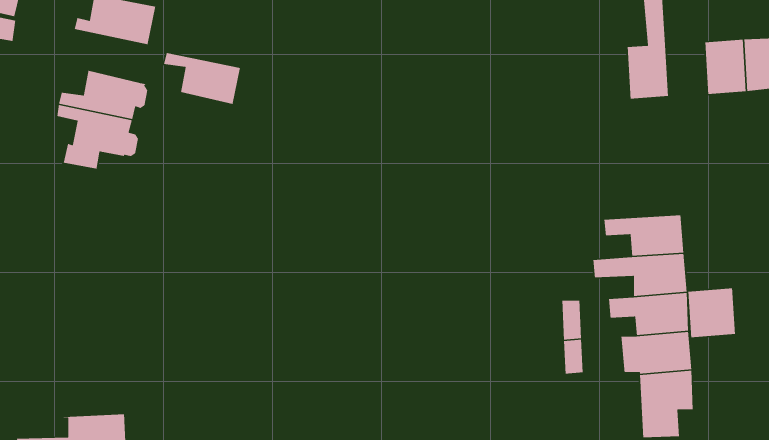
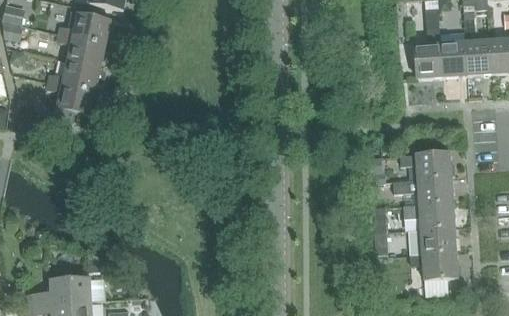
building: none -> [439,41,466,76]
building: [163,52,241,105] -> [56,33,106,67]
building: [687,287,736,338] -> none

